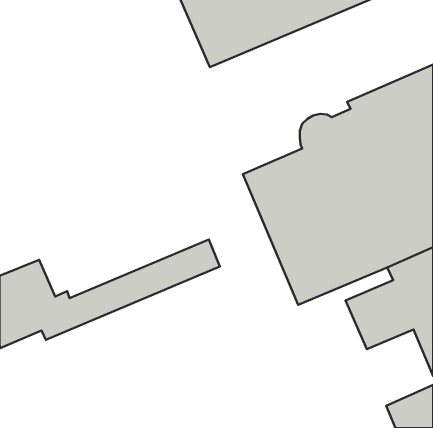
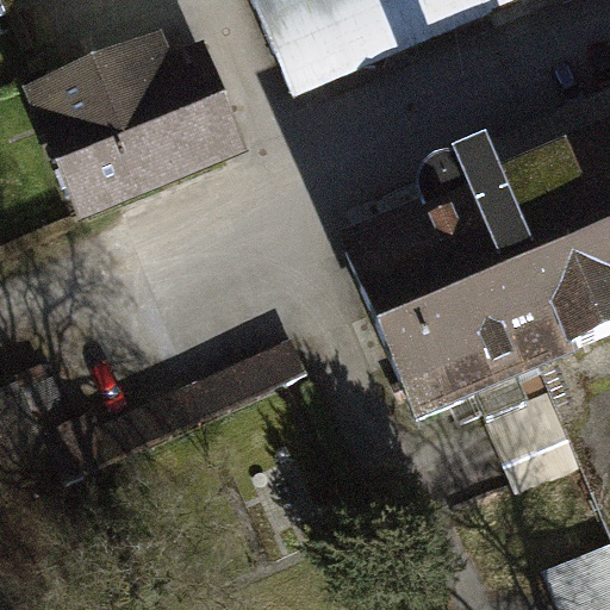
building: none -> [24,30,249,223]

